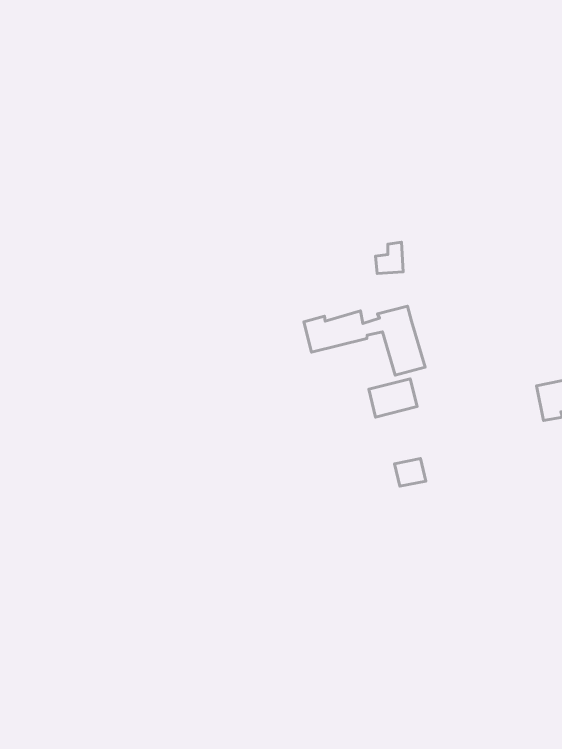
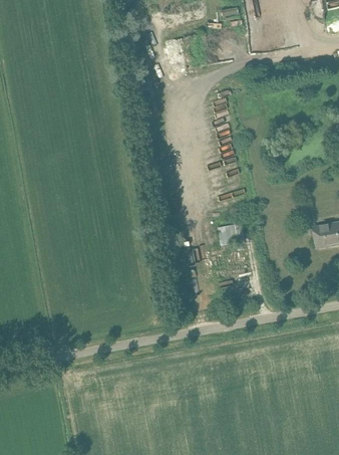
building: [304,306,425,375] -> none

